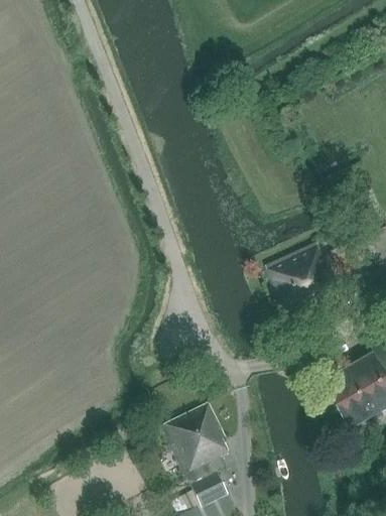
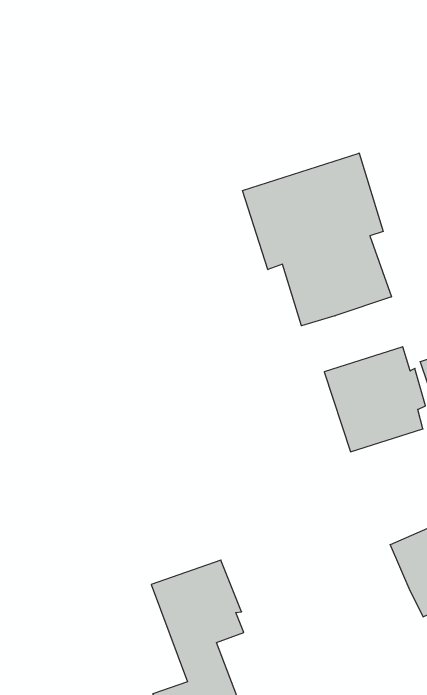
building: none -> [243,153,391,326]

